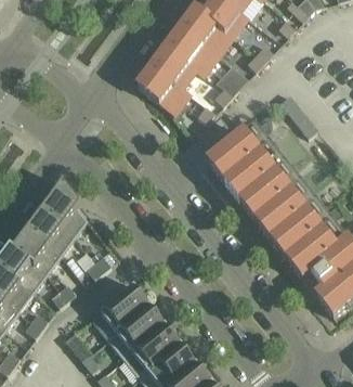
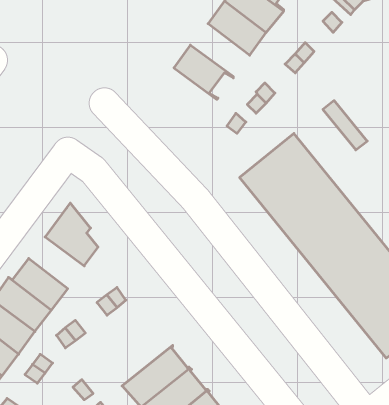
building: [166,27,217,73] -> none
building: [138,65,188,113] -> none
building: [27,210,75,255] -> none
building: [100,283,151,338] -> none

